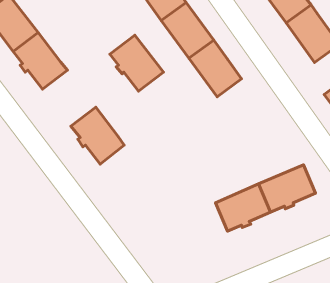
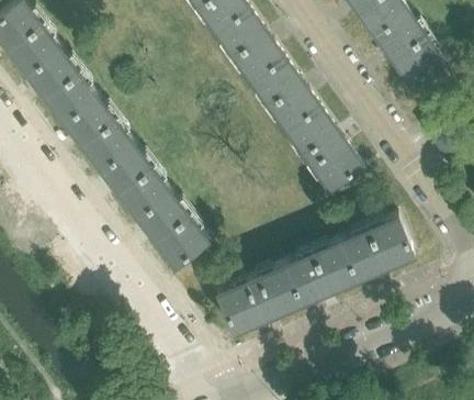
building: [110,35,163,91] -> [65,97,133,168]
building: none -> [287,108,361,190]
building: none -> [138,192,206,265]
building: none -> [218,266,301,331]

